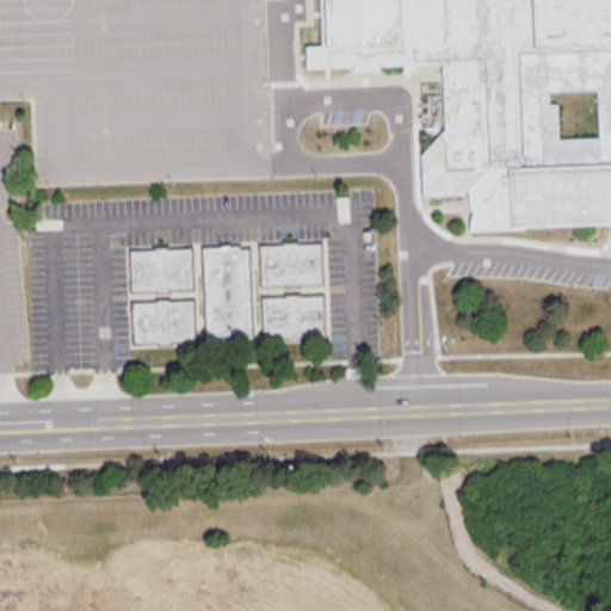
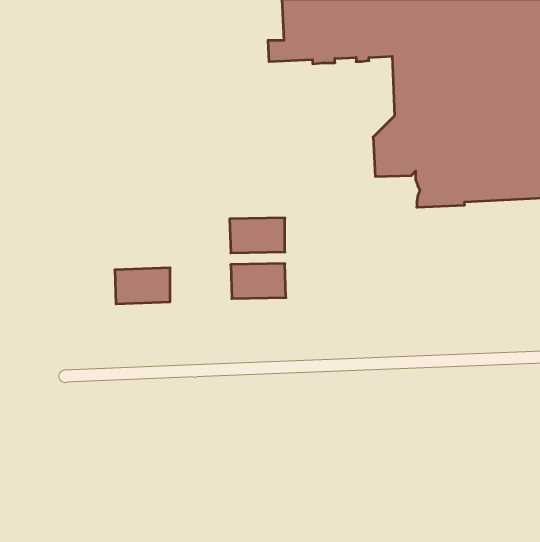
building: [204,246,252,340] -> none
building: [131,249,193,289] -> none

